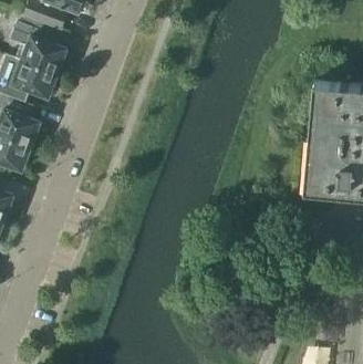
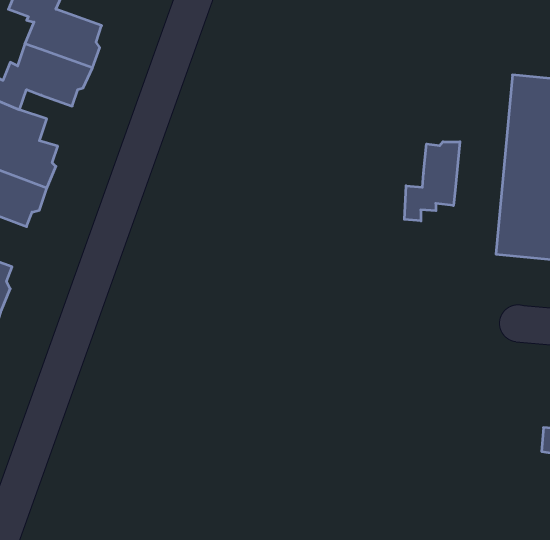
building: none -> [404,142,460,221]

